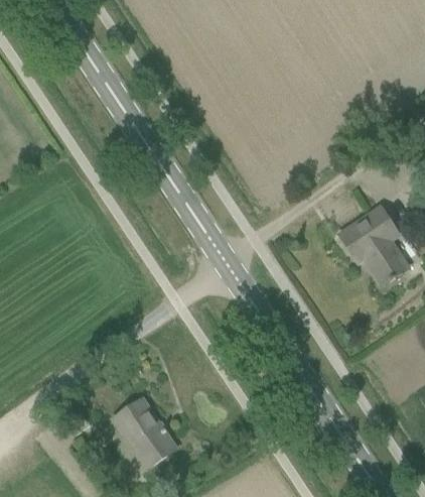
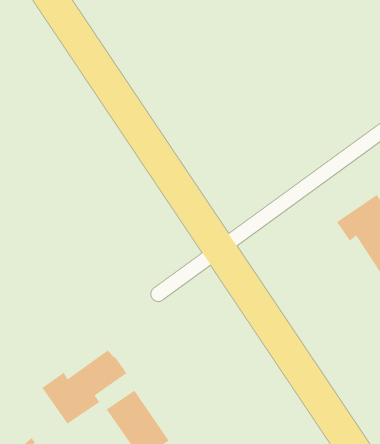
building: none -> [41,349,127,425]

